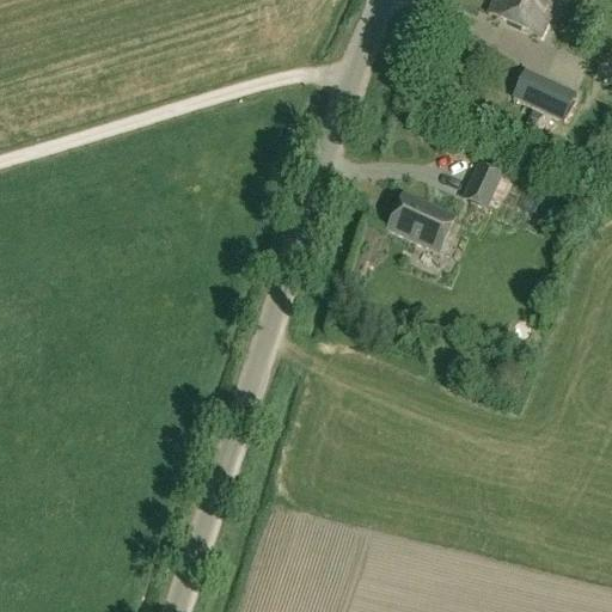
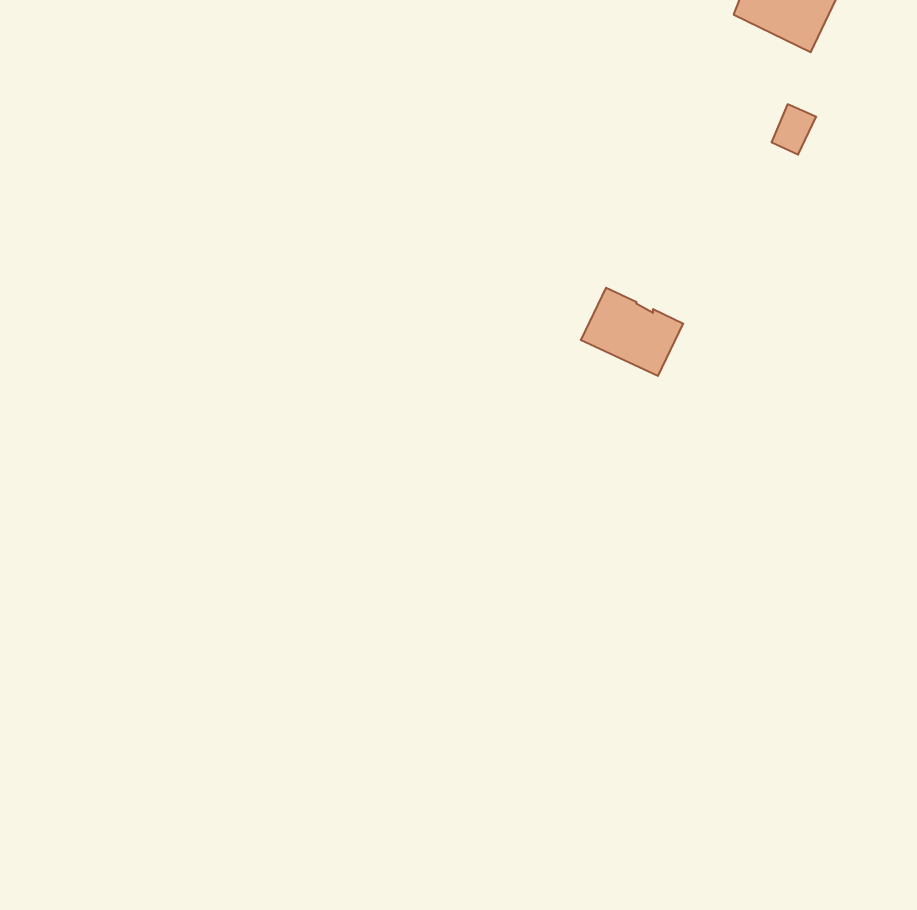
building: [532,78,576,118] -> none
building: [469,163,501,206] -> none

